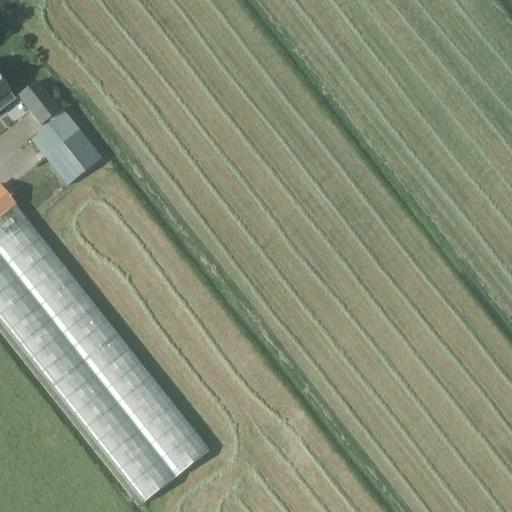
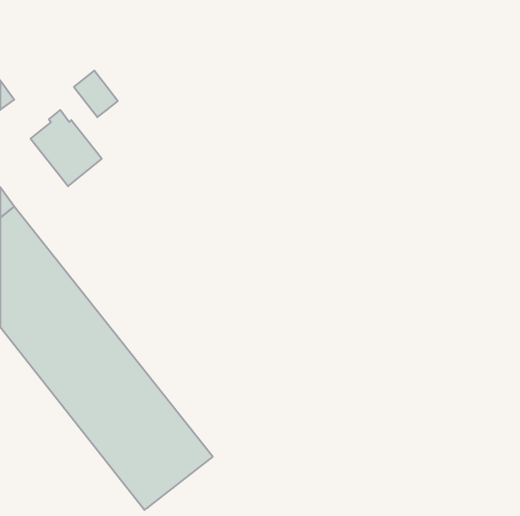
building: [16,78,59,124] -> [74,71,118,117]

